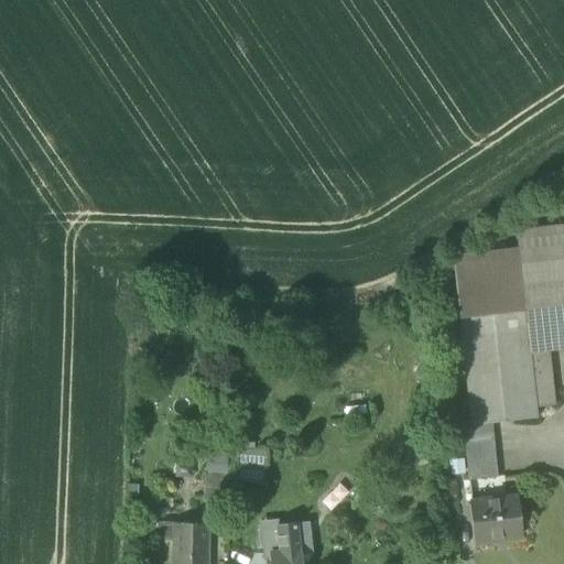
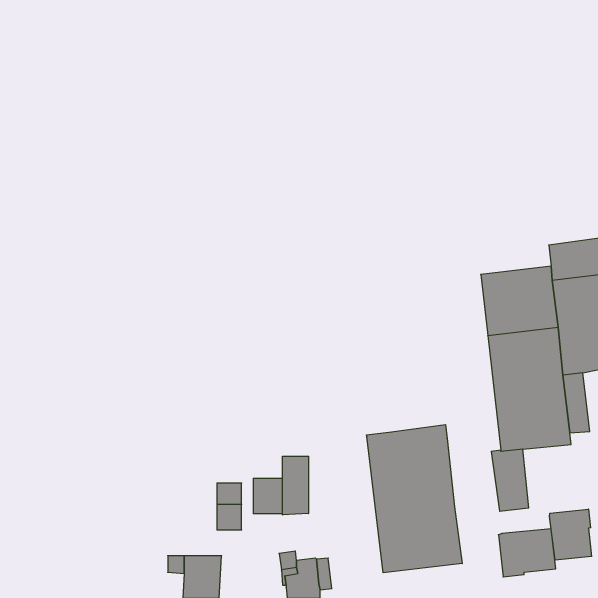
building: none -> [367,425,462,573]
building: none -> [283,456,309,515]
building: none -> [550,509,592,560]

